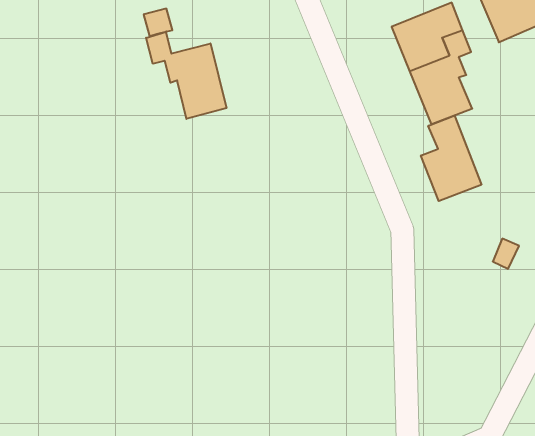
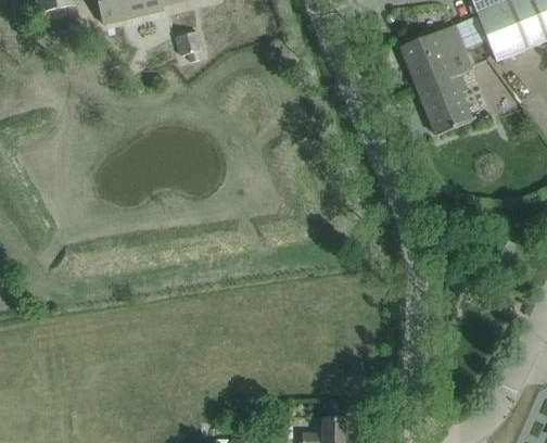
building: [146,32,226,119] -> none
building: [421,115,481,201] -> none

